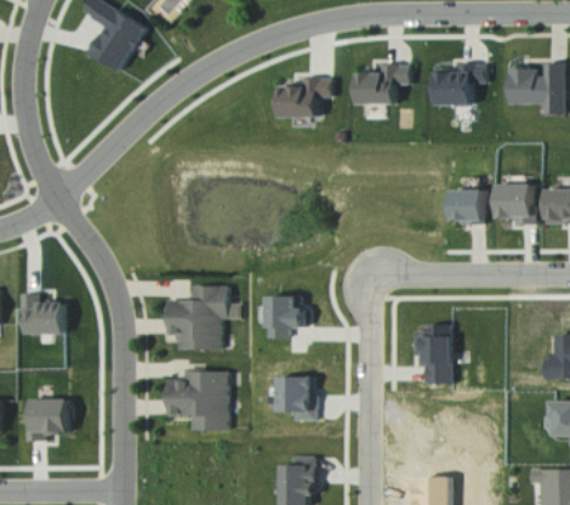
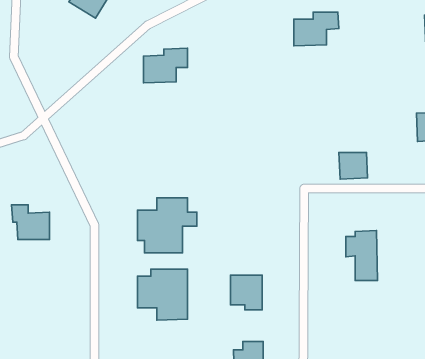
building: [433,63,483,104] -> none
building: [275,76,327,118] -> [143,48,187,83]
building: [452,191,486,222] -> [339,152,368,179]
building: [267,296,306,339] -> none
building: [25,399,68,442] -> none

